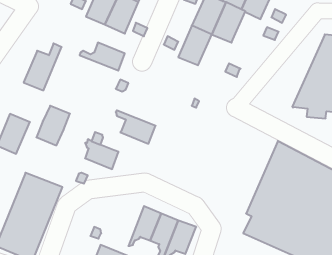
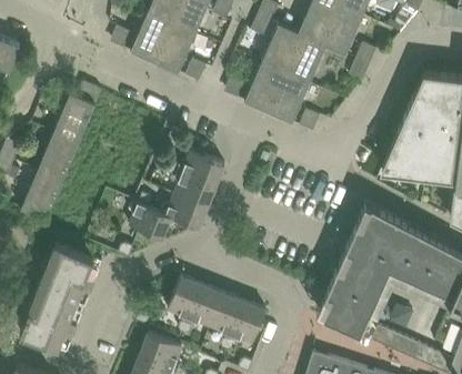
building: none -> [268,73,309,122]
building: [80,43,125,71] -> [168,151,223,185]
building: [36,106,70,145] -> [37,132,78,181]
building: none -> [164,193,207,229]
building: none -> [167,276,201,333]

